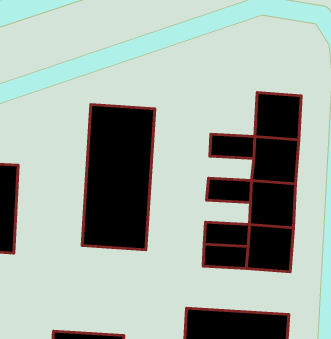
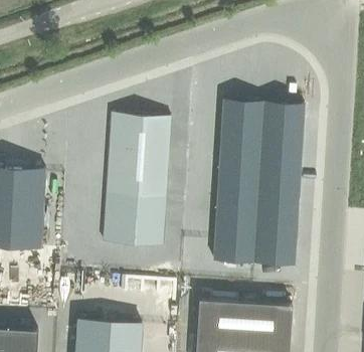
building: none -> [221,101,263,143]
building: none -> [219,161,260,183]
building: none -> [216,201,257,223]

